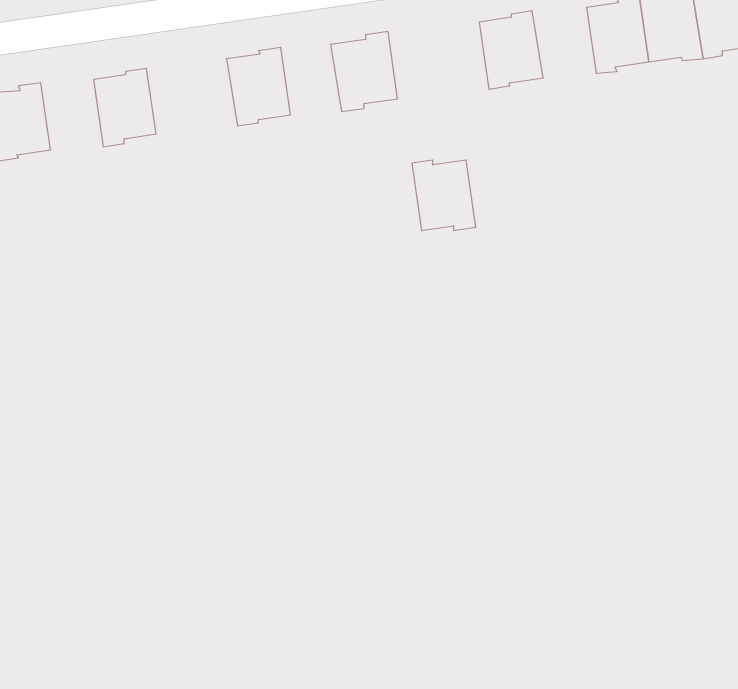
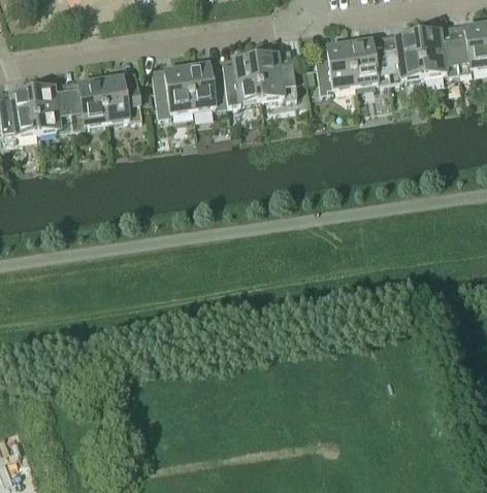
building: none -> [348,38,389,84]
building: none -> [186,62,225,107]
building: none -> [99,74,141,120]
building: none -> [31,85,71,130]
building: [412,160,476,231] -> [255,52,296,97]

